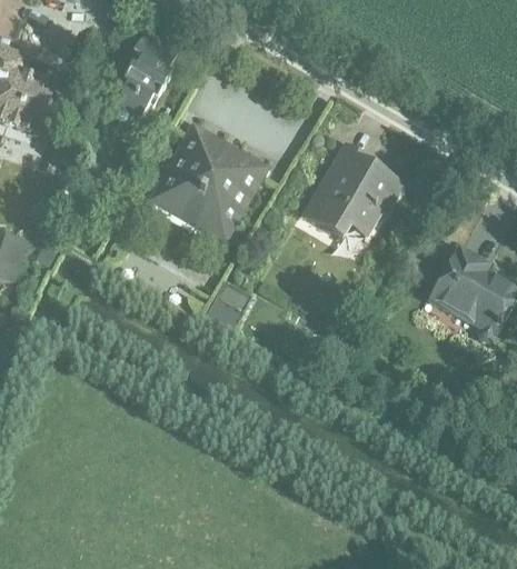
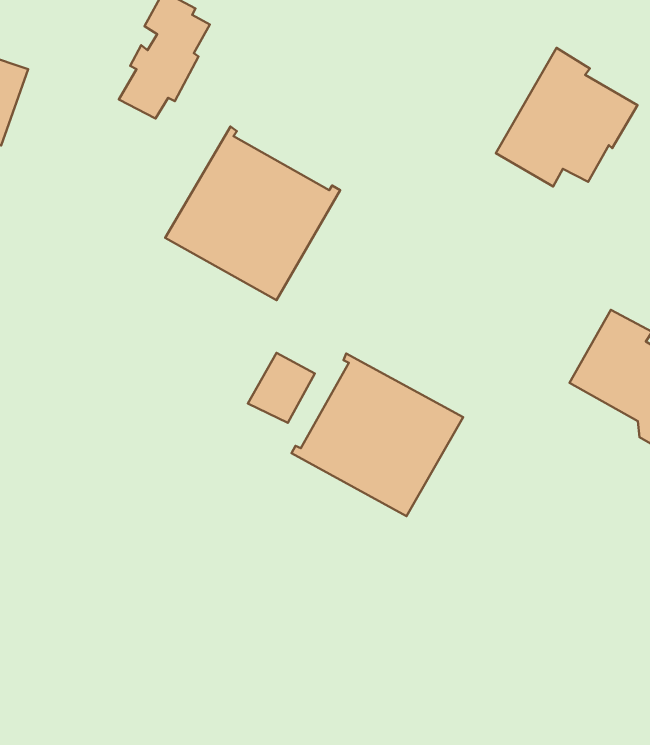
building: [302,141,401,238] -> [496,48,638,186]
building: none -> [292,353,463,516]

